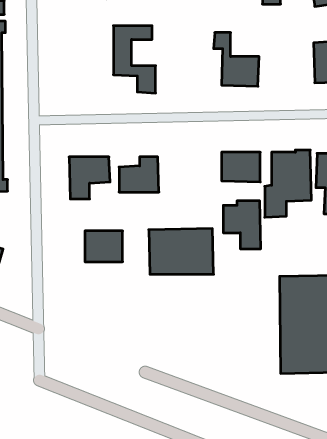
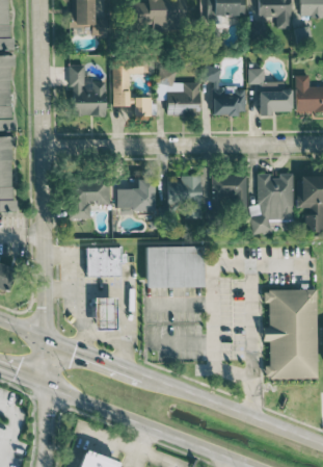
building: none -> [70,64,106,116]
building: none -> [158,68,200,115]
building: none -> [248,69,292,113]
building: [223,201,261,249] -> [168,176,203,219]
building: none -> [96,297,118,330]

